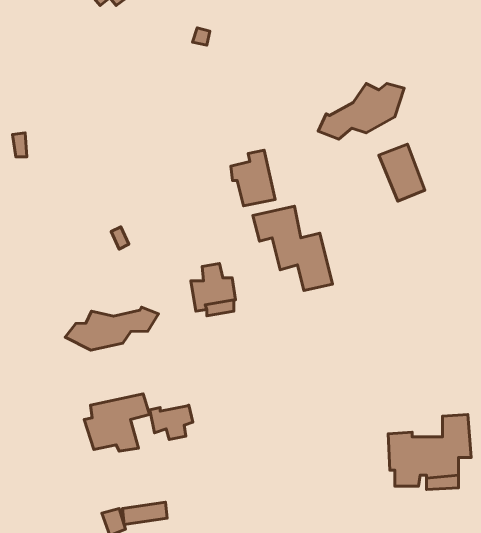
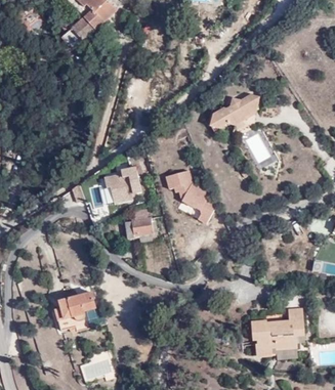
building: [231,150,275,206] -> [104,166,133,202]
building: [65,307,159,350] -> none
building: [150,405,193,440] -> none

